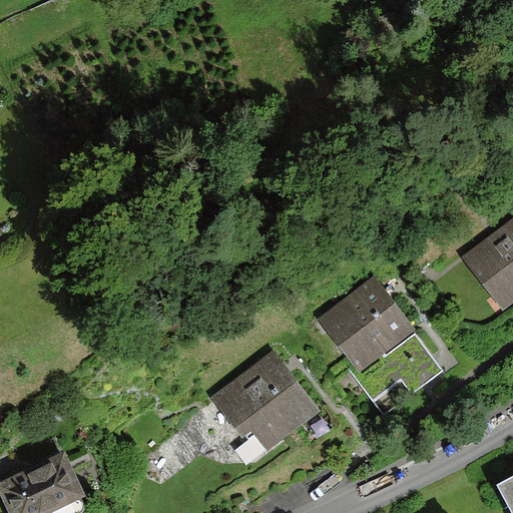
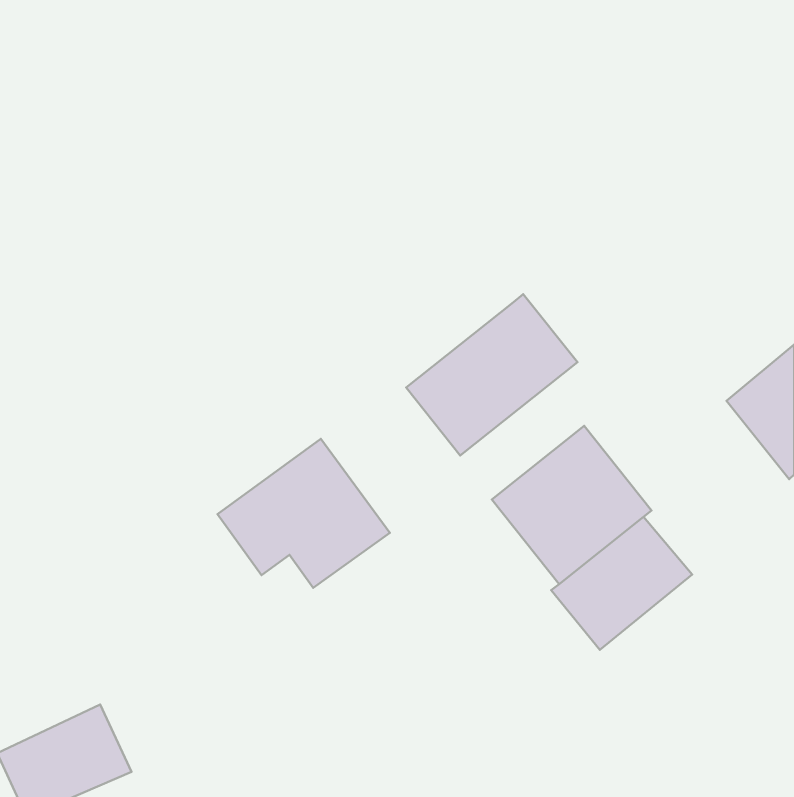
building: none -> [406,294,578,456]
building: [210,349,321,444] -> [218,439,390,588]

